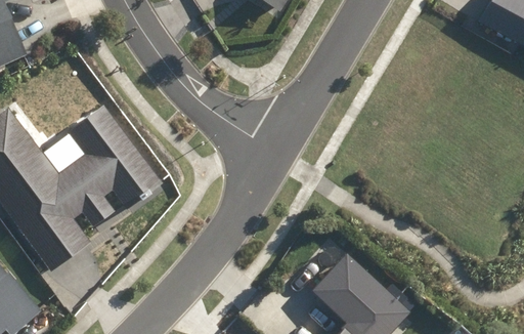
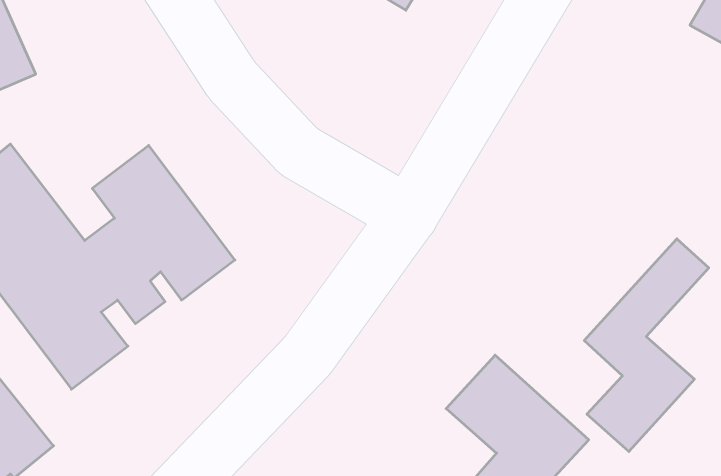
building: none -> [584,239,709,452]

